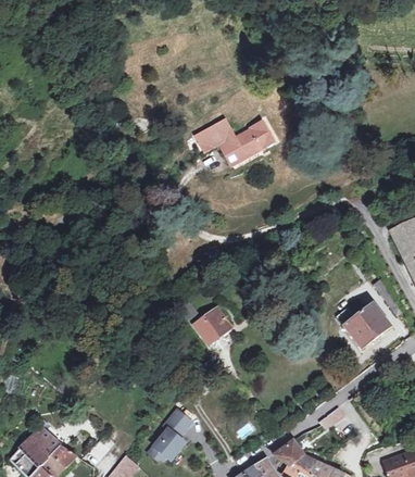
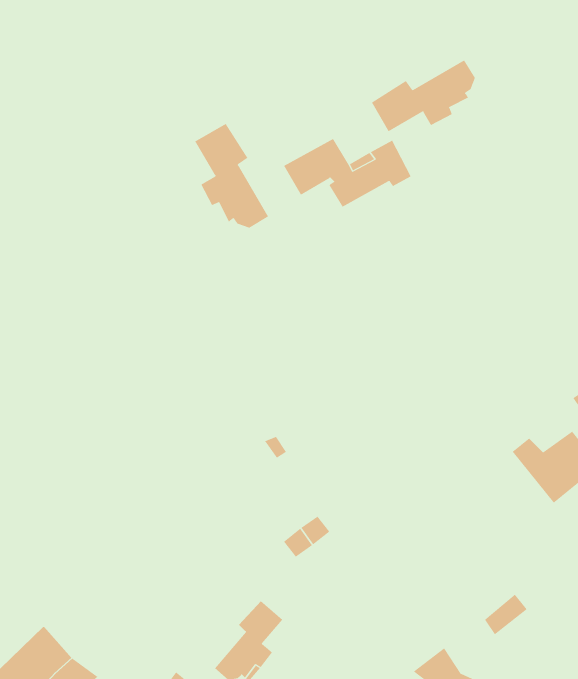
building: none -> [371,59,475,132]
building: none -> [195,123,269,229]
building: [193,310,231,346] -> none

